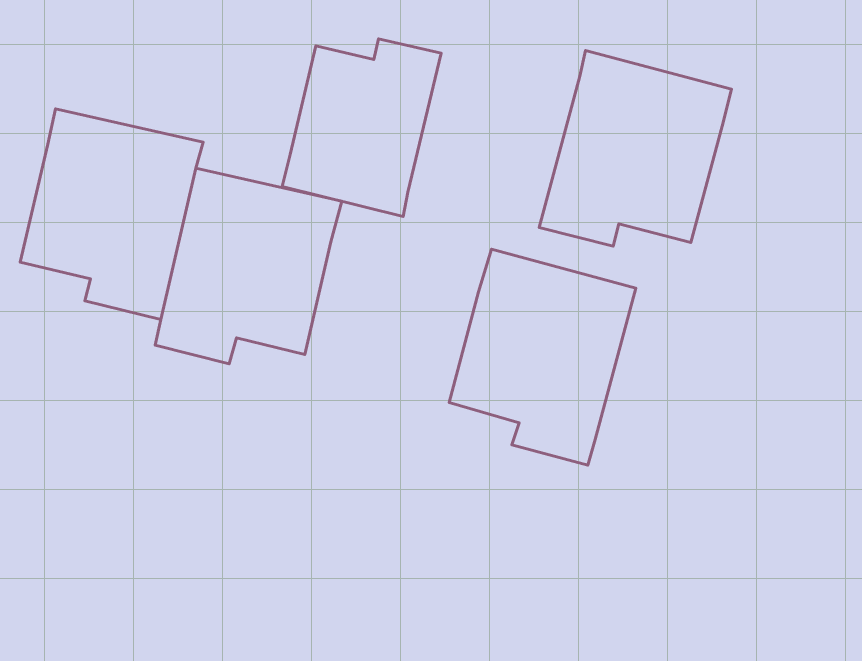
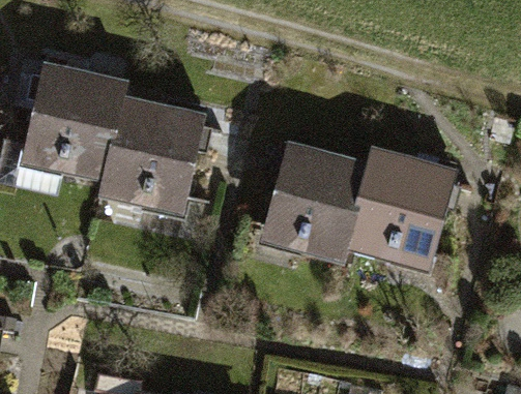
building: [282,39,441,216] -> none
building: [539,50,732,246] -> [346,150,454,260]

